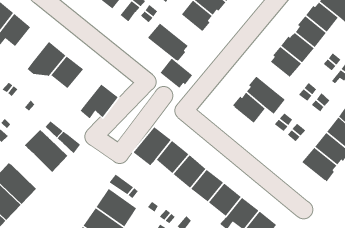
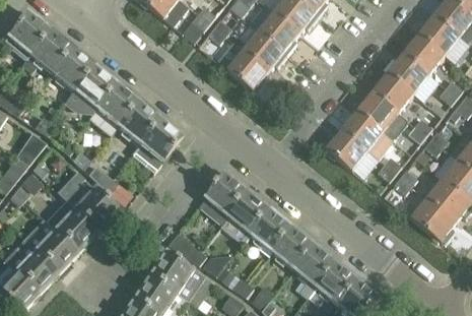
building: none -> [50,48,92,90]
building: [159,57,193,89] -> [244,31,286,71]
building: none -> [354,91,407,139]
building: none -> [116,101,158,144]
building: none -> [45,200,96,252]

